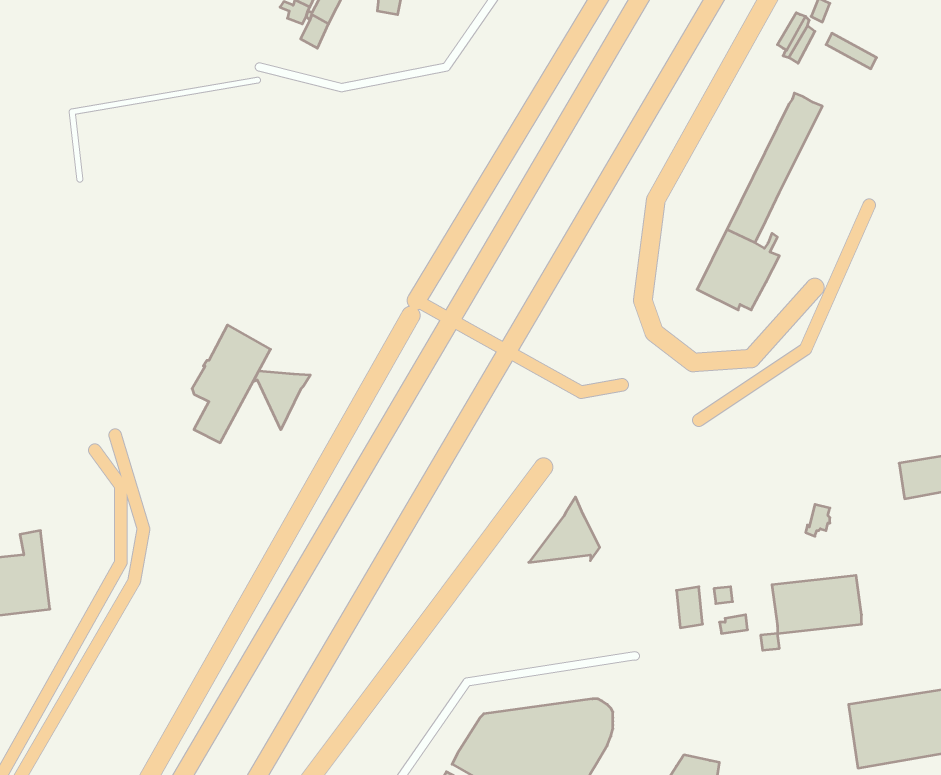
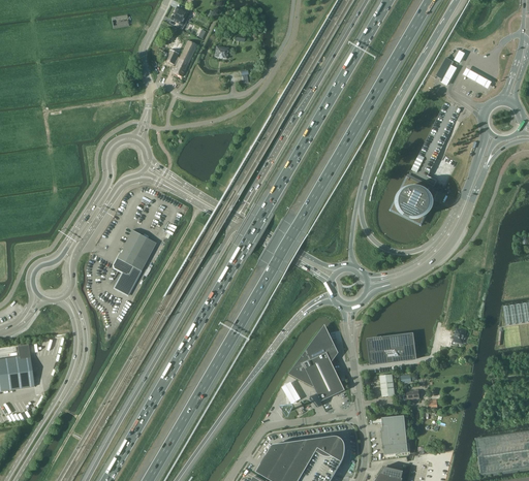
building: [253,371,310,430] -> none
building: none -> [289,356,345,400]
building: [772,575,862,633] -> [367,332,416,364]
building: none -> [381,415,408,454]

